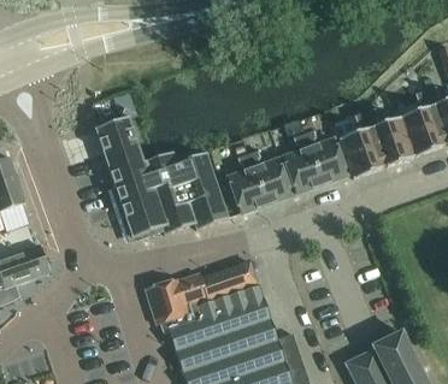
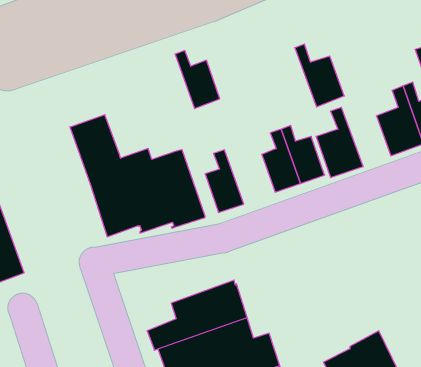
building: [364,105,413,167] -> [295,44,344,107]
building: [247,147,291,205] -> [175,51,220,108]
building: [145,261,257,331] -> none

